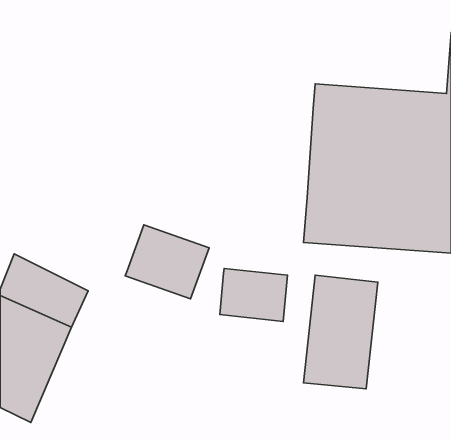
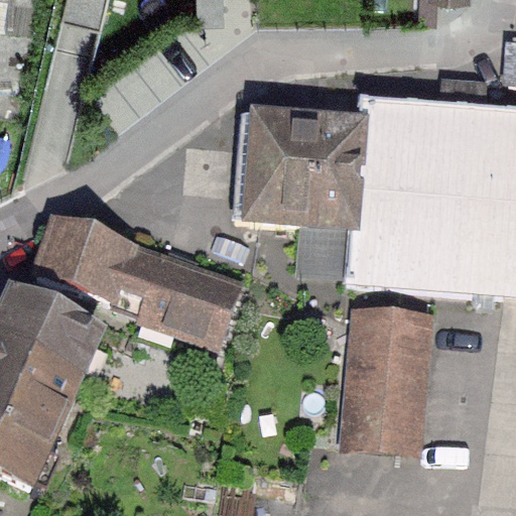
building: none -> [243,116,358,226]
building: none -> [39,219,164,309]
building: [220,269,288,321] -> none

